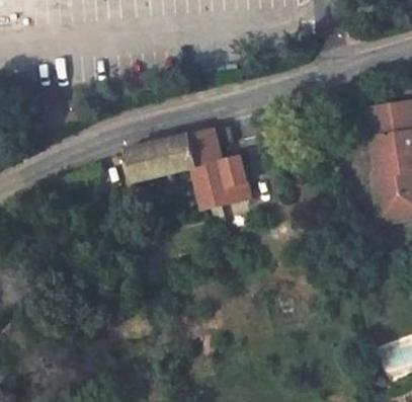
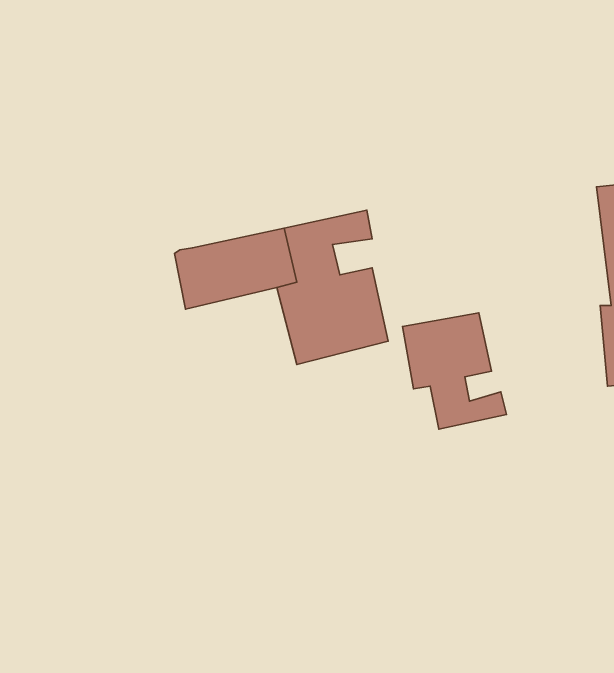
building: none -> [402,313,507,429]

